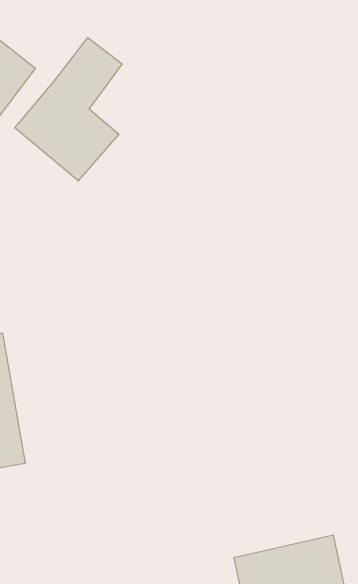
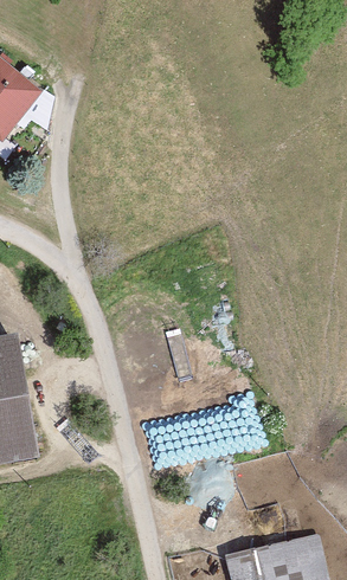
building: [15,38,122,181] -> none

